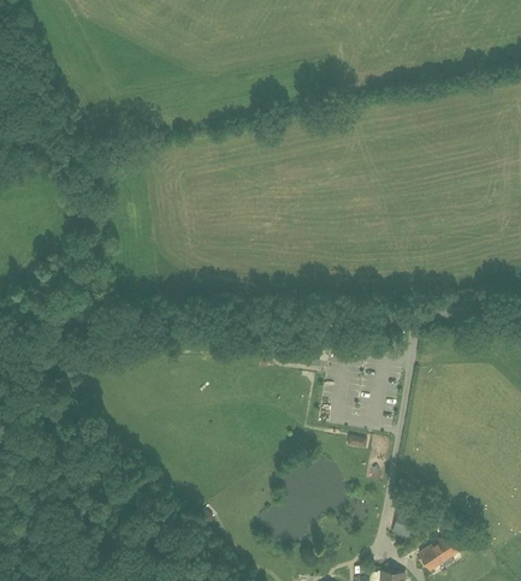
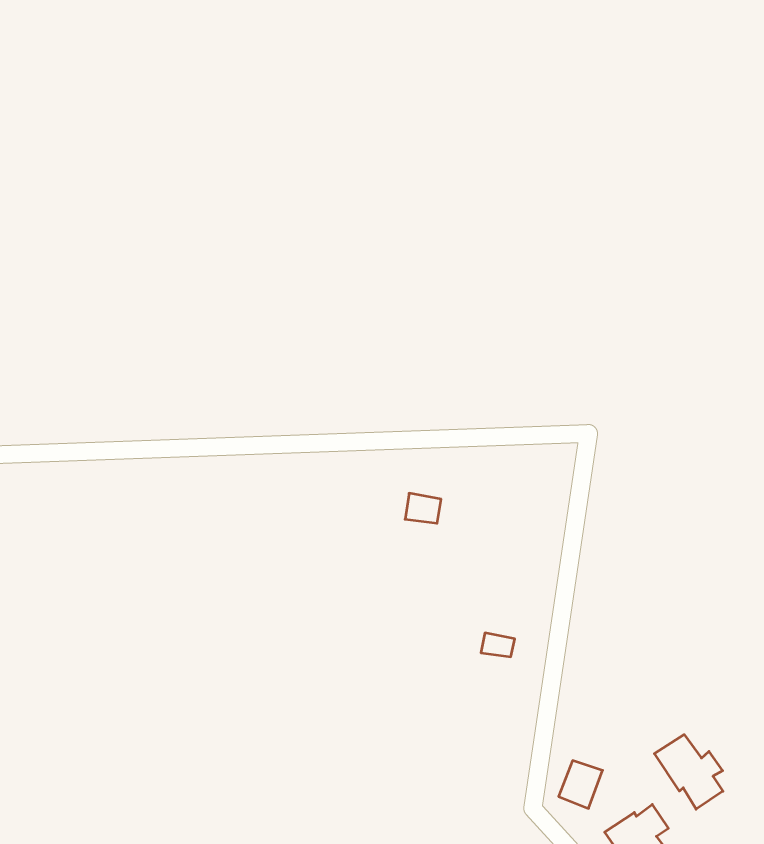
building: none -> [654,735,723,809]

